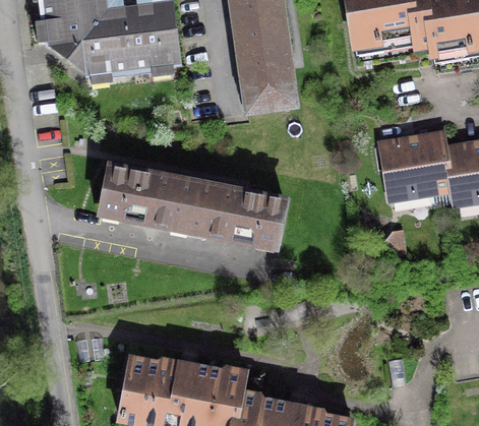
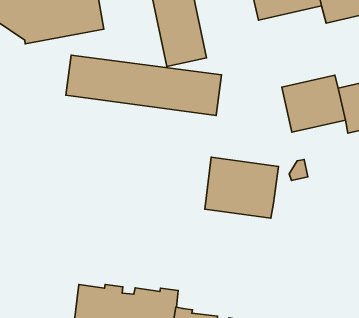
building: [101,166,283,246] -> [66,55,221,115]
building: none -> [205,157,279,218]

